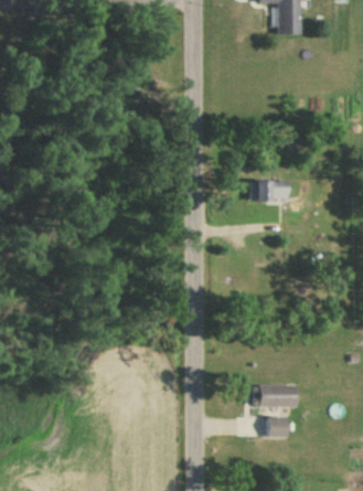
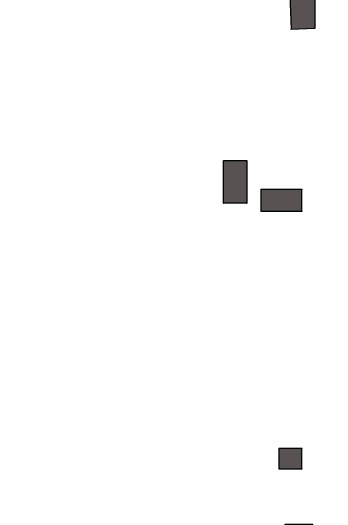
building: none -> [224,161,247,203]
building: [257,385,297,407] -> none

